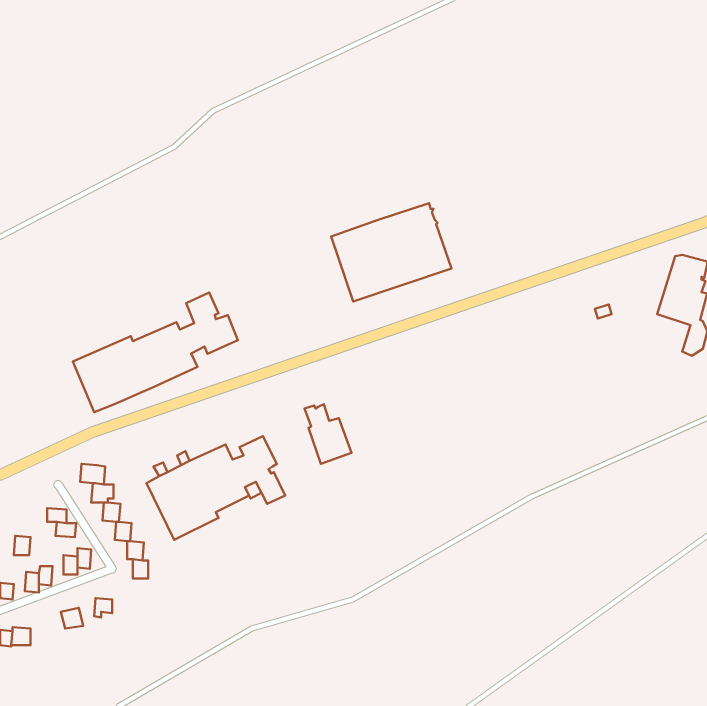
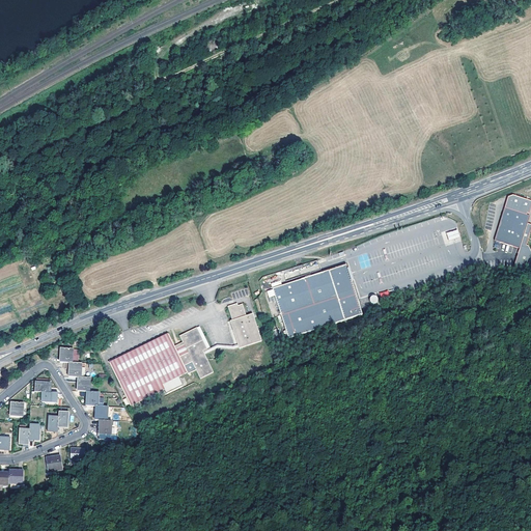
building: [331,203,451,302] -> [273,263,363,337]
building: [73,292,238,412] -> none

